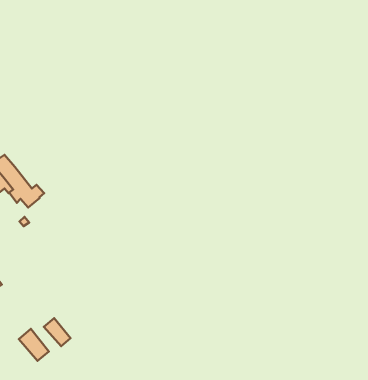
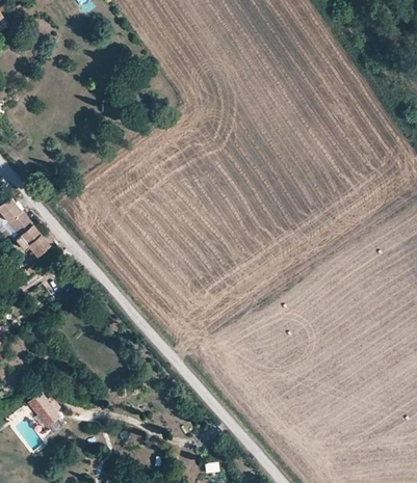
building: [44,318,71,346] -> none

